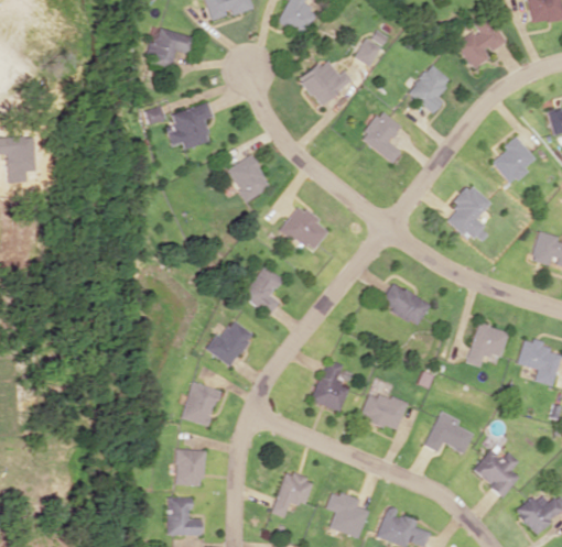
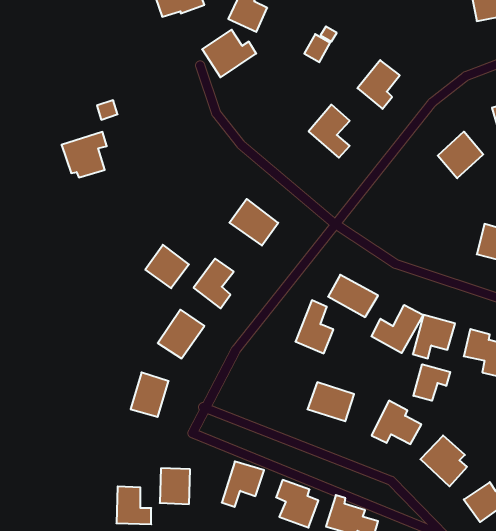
building: [455,12,506,69] -> none
building: [145,28,196,66] -> none
building: [299,57,354,106] -> [202,30,256,77]
building: [167,102,214,149] -> [61,132,107,177]
building: [227,154,271,201] -> none
building: [446,183,493,241] -> none
building: none -> [145,245,189,288]
building: none -> [371,305,423,353]
building: [313,358,352,412] -> [295,300,333,353]
building: none -> [413,364,450,401]
building: [173,449,204,485] -> [160,468,190,504]

